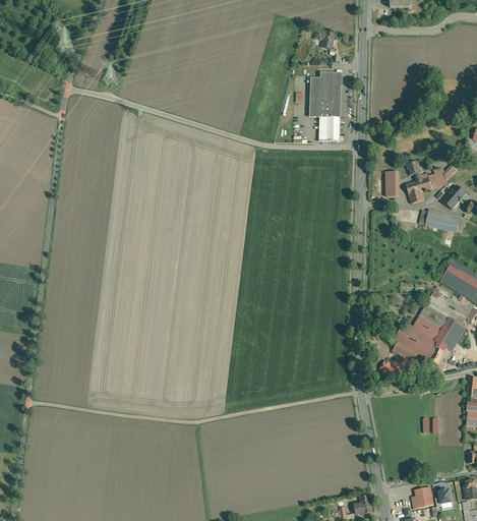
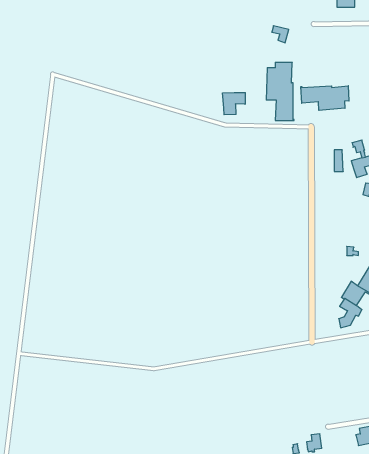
building: none -> [301,86,349,110]
building: none -> [223,93,245,115]

